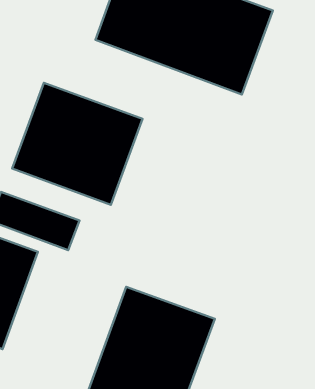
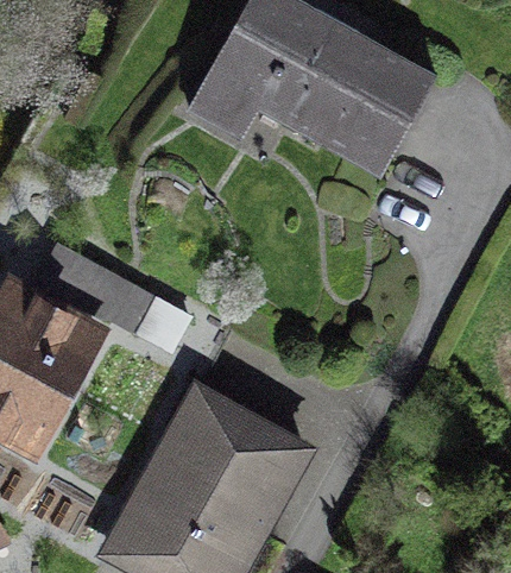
building: [12,83,142,205] -> none

